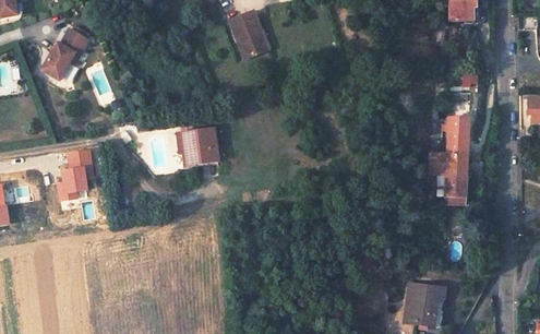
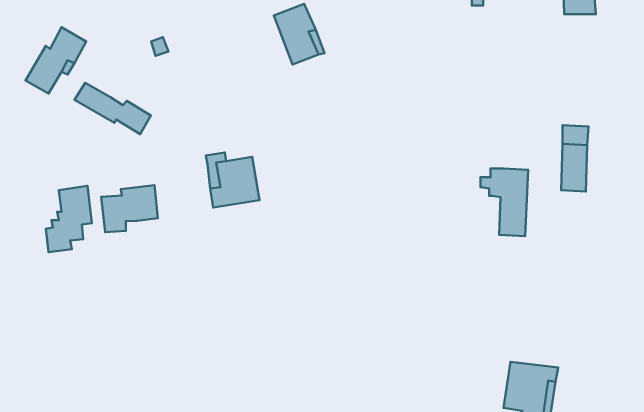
building: none -> [75,83,151,134]
building: none -> [101,185,158,232]
building: [430,153,466,204] -> [480,168,528,236]

